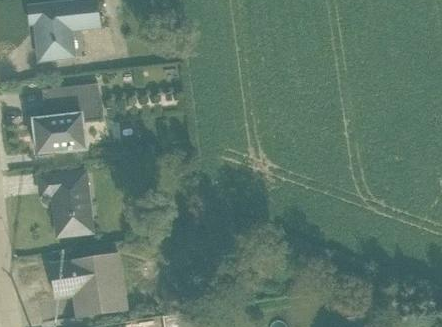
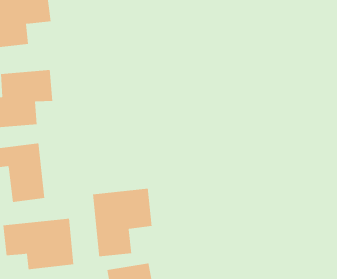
building: none -> [92,188,152,257]

